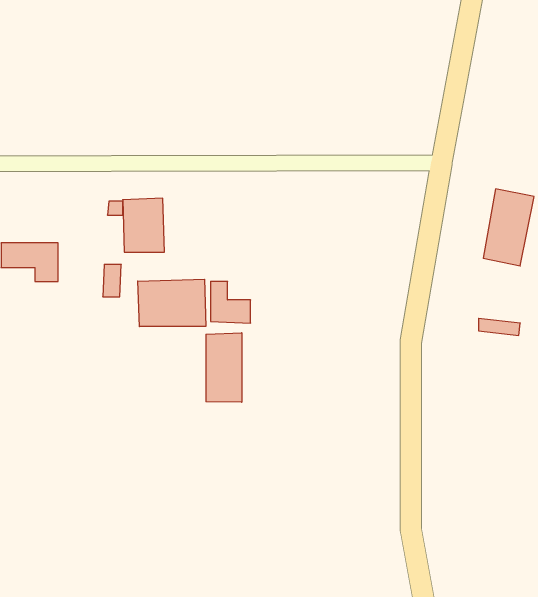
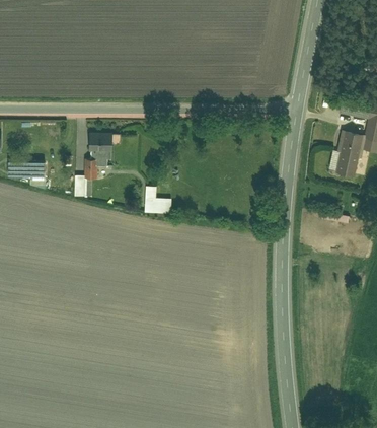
building: [138,279,206,327] -> none
building: [206,333,242,402] -> none

